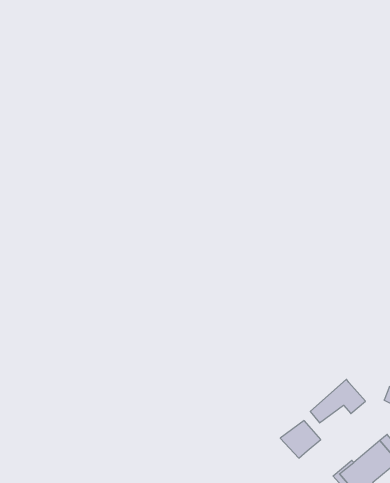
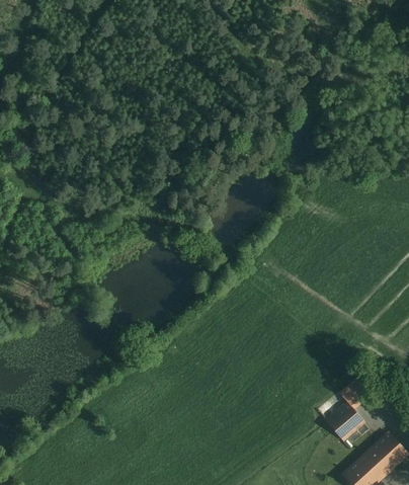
building: [280,421,321,458] -> [326,405,365,441]

